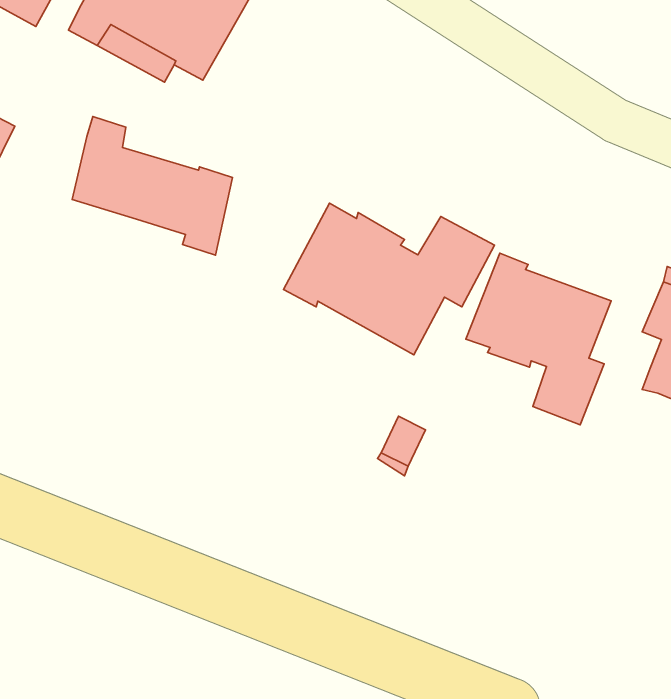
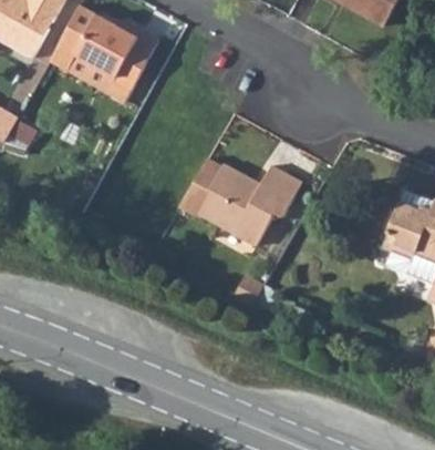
building: [72,117,233,255] -> none
building: [466,253,611,425] -> none

